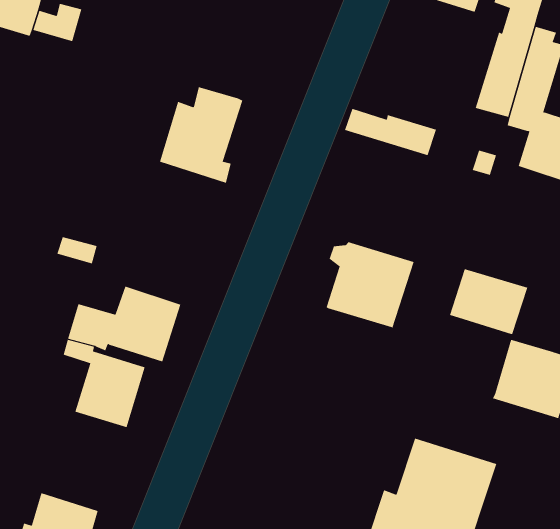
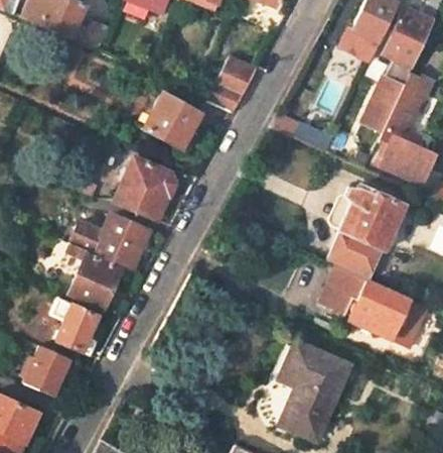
building: none -> [203,59,254,110]
building: none -> [115,158,172,220]
building: [326,241,415,329] -> [340,187,404,249]
building: none -> [319,264,367,317]
building: none -> [49,294,96,356]

